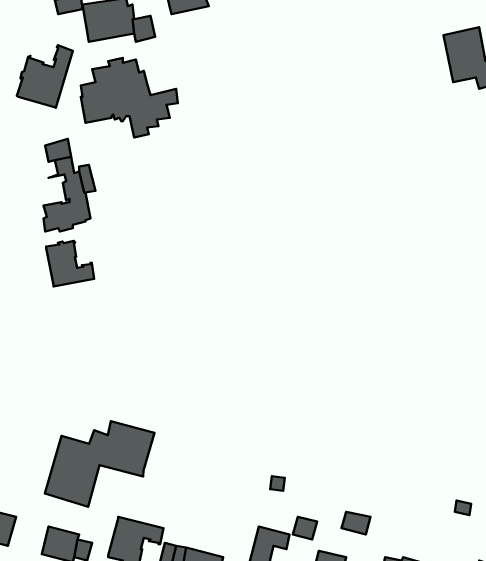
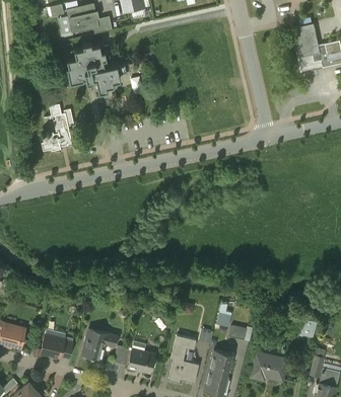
building: [17,45,73,108] -> none
building: [46,241,94,286] -> none
building: [45,421,155,507] -> none

